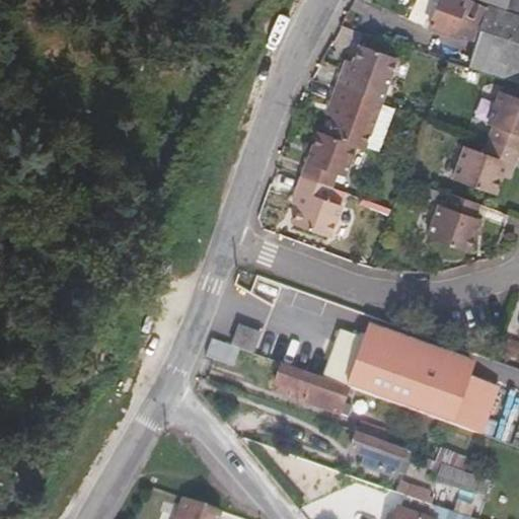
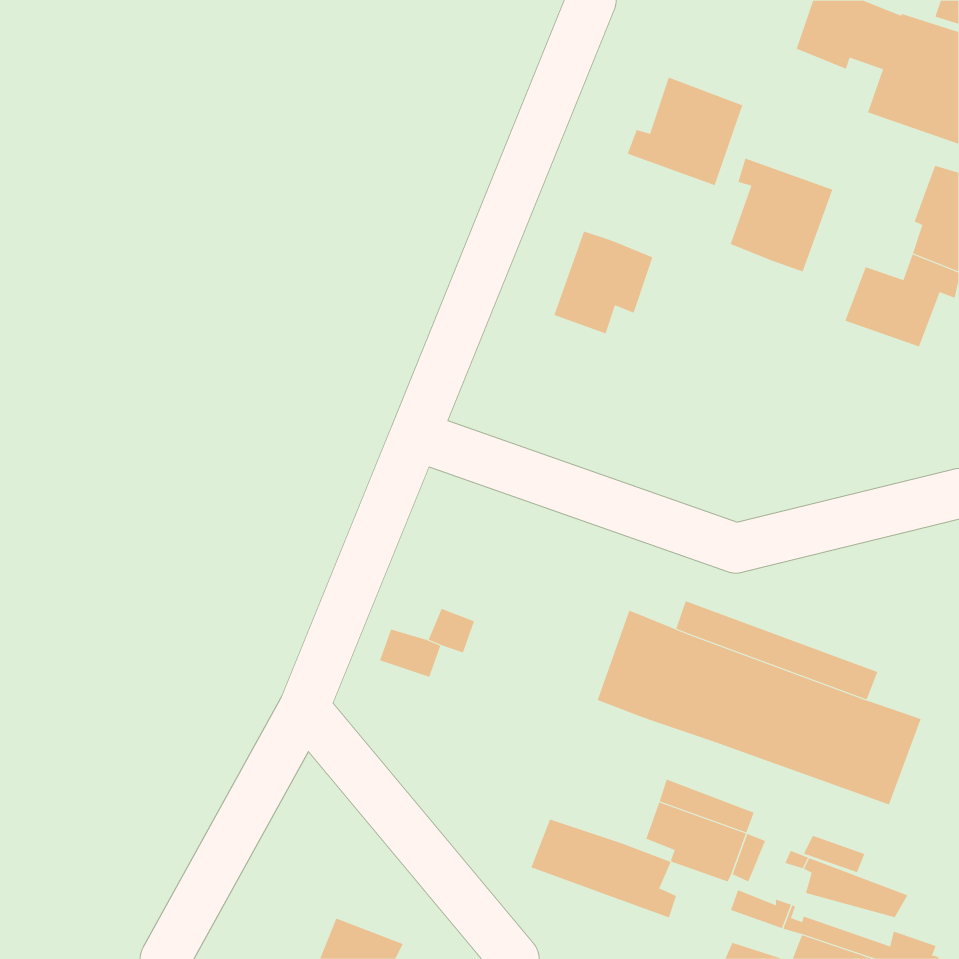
building: [330,83,386,145] -> [730,158,833,272]
building: [292,170,343,229] -> none
building: [431,191,485,248] -> none
building: [273,365,352,419] -> [531,819,677,918]

